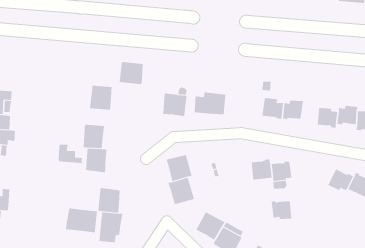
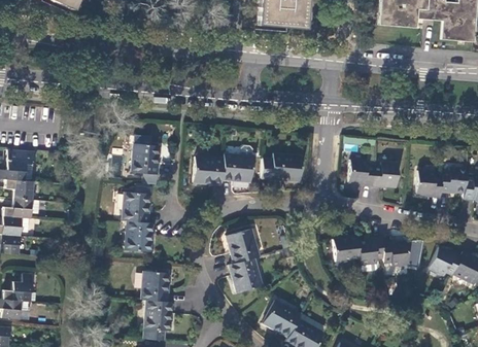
building: [119,61,144,85] -> [193,155,224,184]
building: [58,144,83,164] -> none
building: [271,201,292,220] -> [382,241,409,265]
building: [66,208,98,233] -> none

